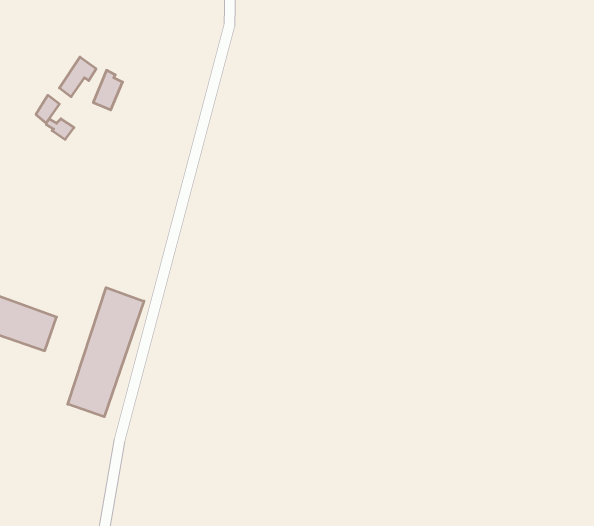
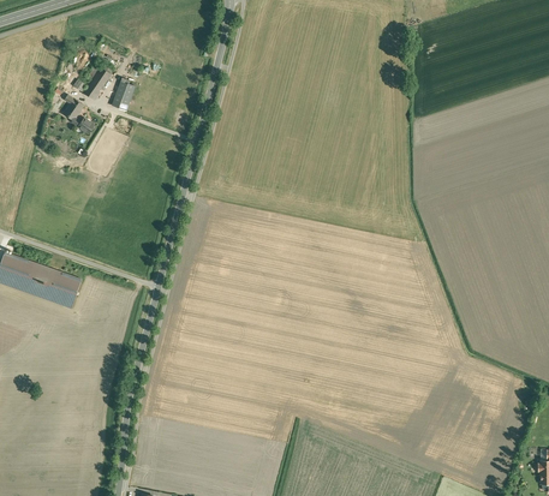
building: [68,288,144,417] -> none

